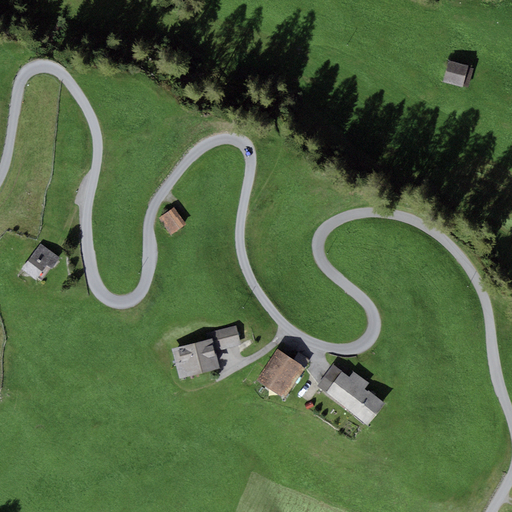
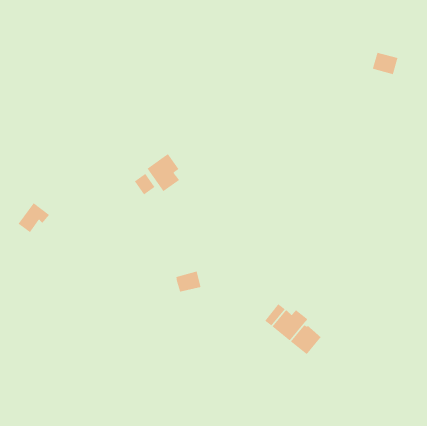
building: none -> [146,153,180,192]
building: [172,337,220,378] -> none
building: [256,348,305,398] -> none

